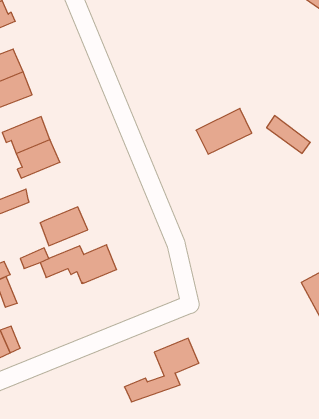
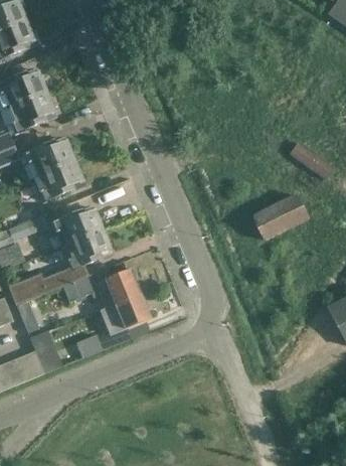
building: [196,108,252,154] -> [251,194,308,241]
building: none -> [52,206,101,244]
building: none -> [31,327,64,370]
building: [124,338,199,402] -> [75,293,151,357]

